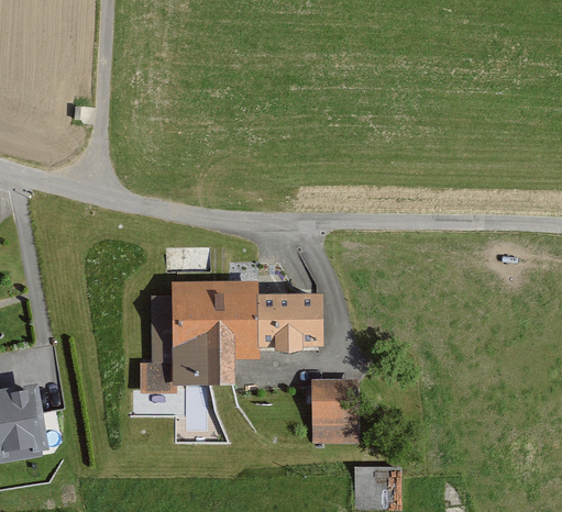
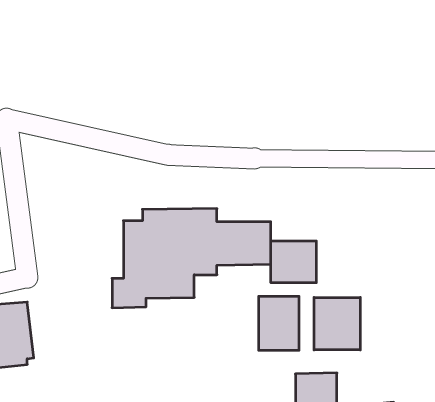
building: none -> [271,241,316,283]
building: none -> [314,297,360,350]

